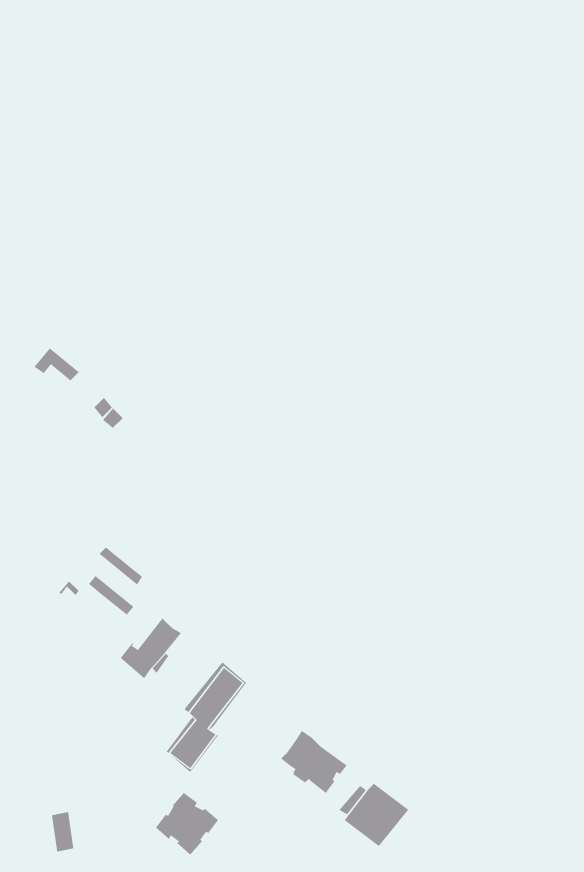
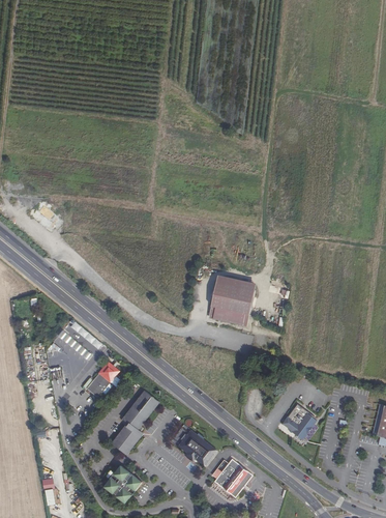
building: none -> [209,276,256,325]
building: none -> [283,405,316,440]

